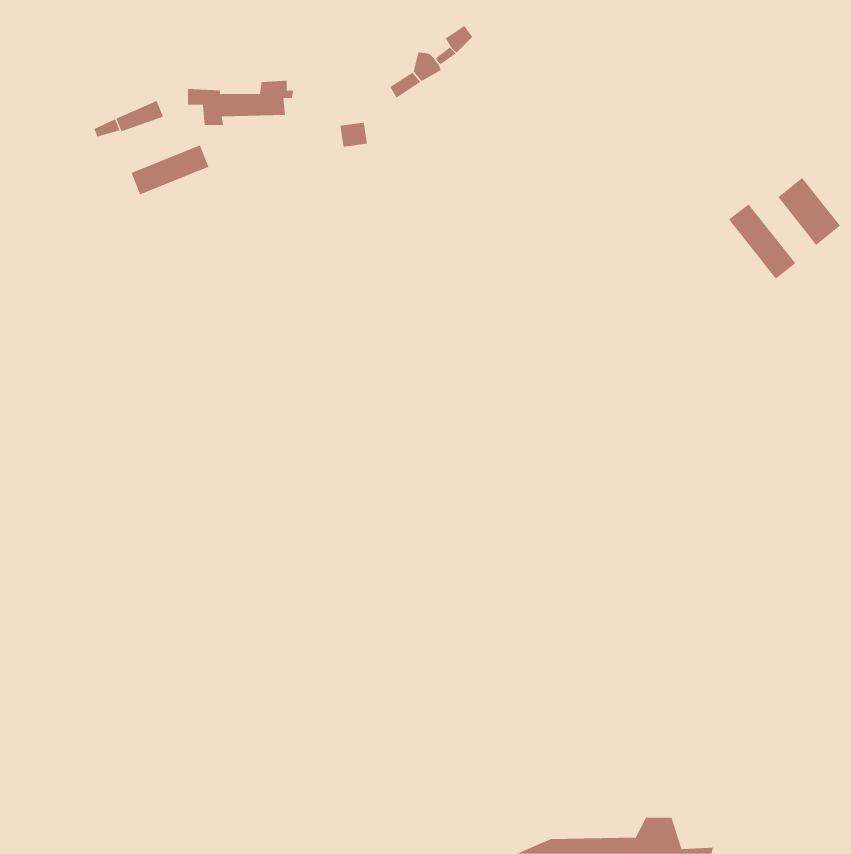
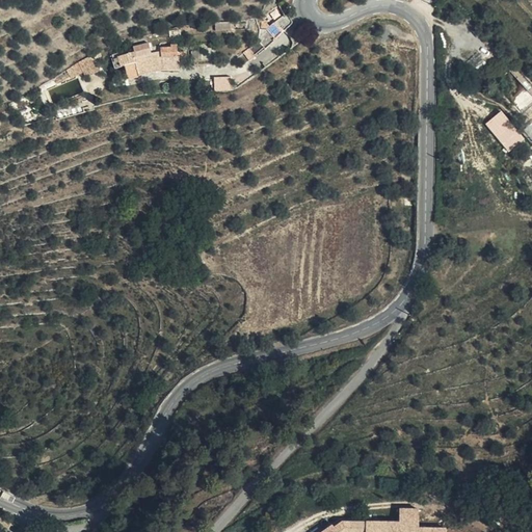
building: [131,145,209,195] -> none
building: [728,203,796,279] -> none

